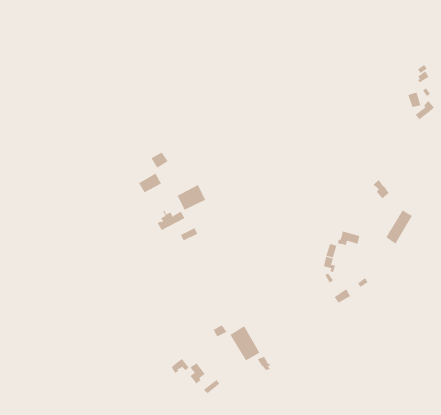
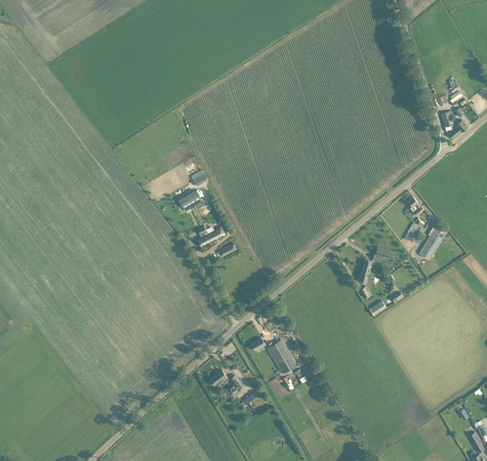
building: [177,184,206,211] -> none

